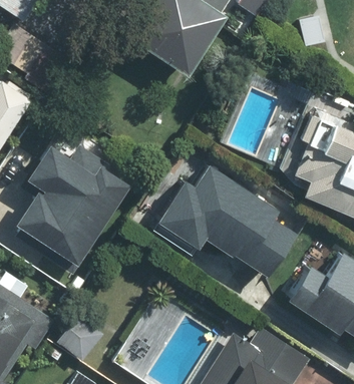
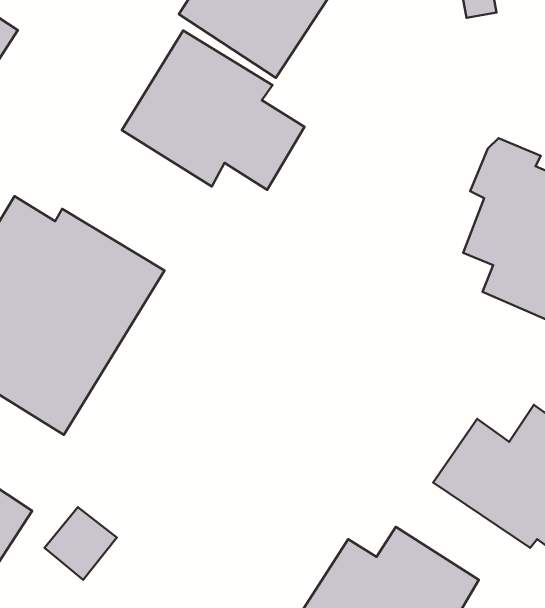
building: none -> [122,30,305,190]
building: [150,169,294,282] -> none

